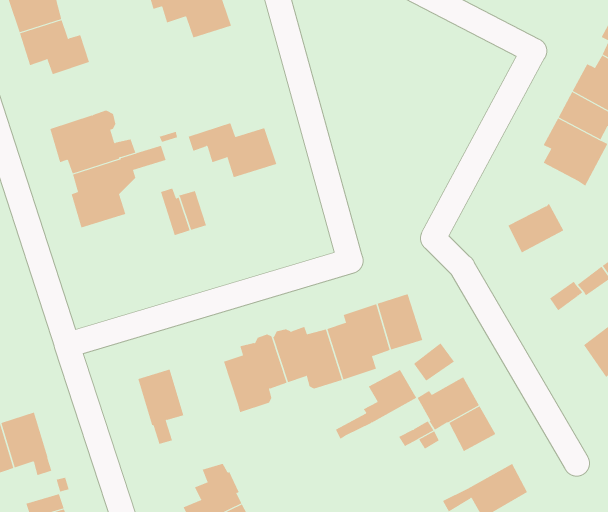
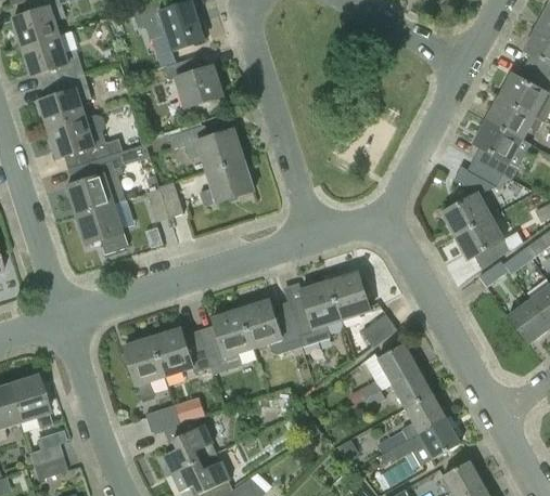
building: none -> [164,56,222,108]
building: none -> [38,73,90,130]
building: none -> [453,159,503,192]
building: none -> [200,160,254,206]
building: none -> [75,204,127,254]
building: none -> [455,218,523,270]
building: none -> [152,328,209,377]
building: [335,369,417,439] -> [376,393,447,454]
building: none -> [144,405,179,432]

